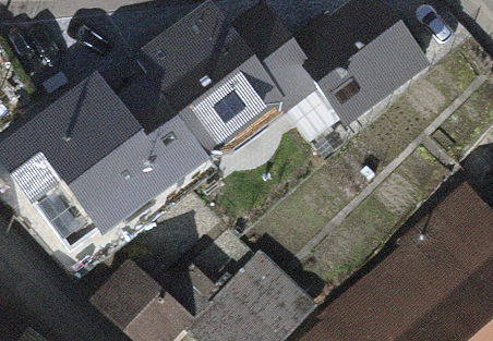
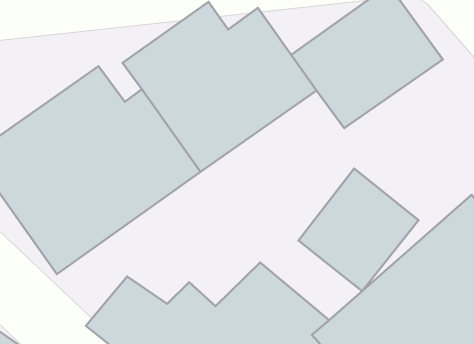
building: none -> [299,168,419,291]

